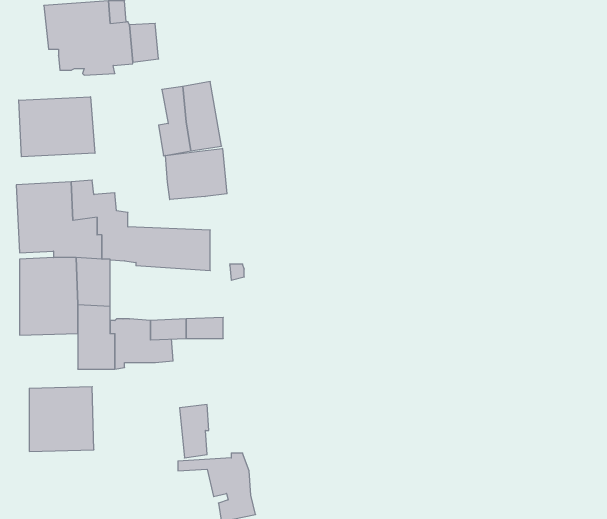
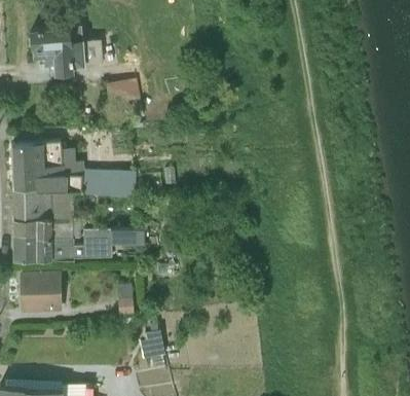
building: [19,97,95,157] -> none
building: [165,148,227,200] -> none
building: none -> [13,239,50,262]

